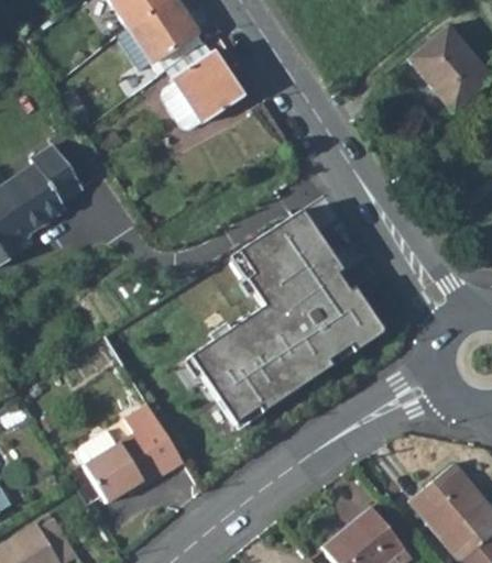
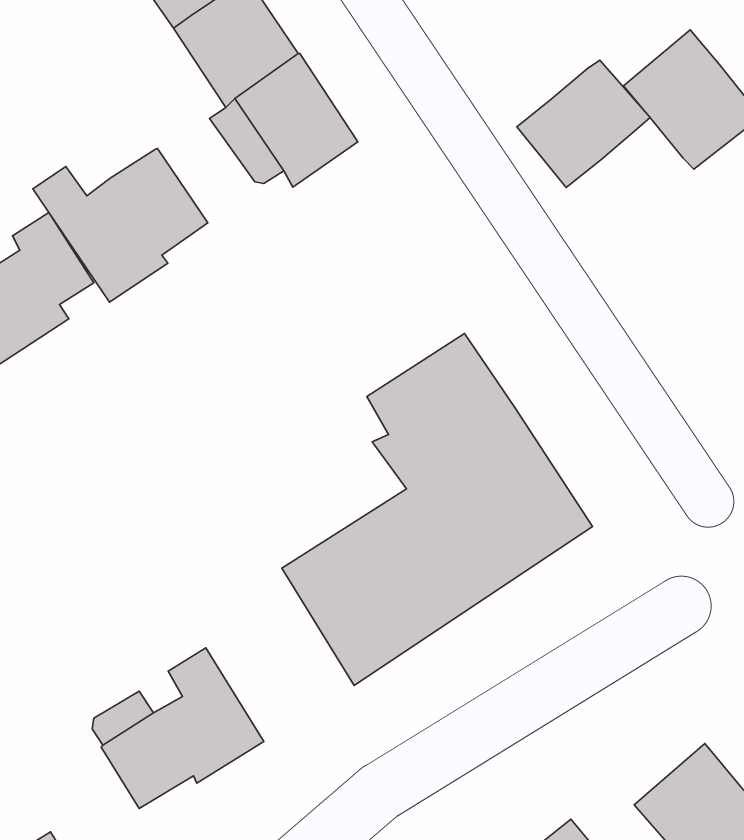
building: none -> [517,60,650,188]
building: none -> [33,149,208,302]

